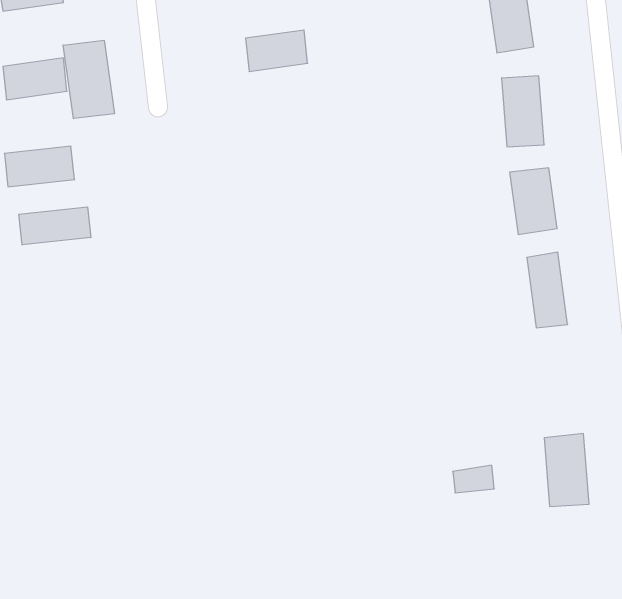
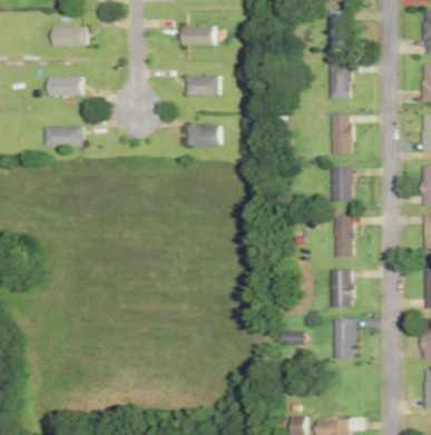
building: [63,40,114,119] -> none
building: none -> [189,126,225,145]
building: [19,207,91,245] -> none
building: none -> [329,268,353,307]

